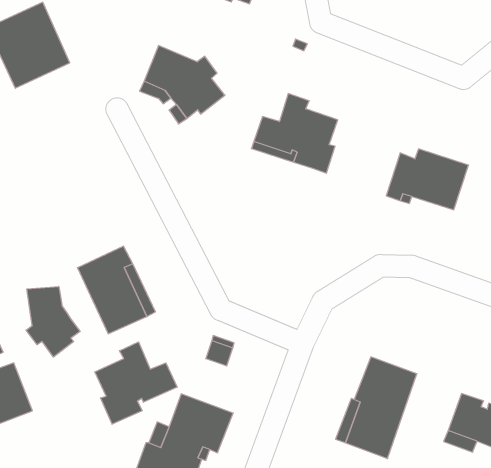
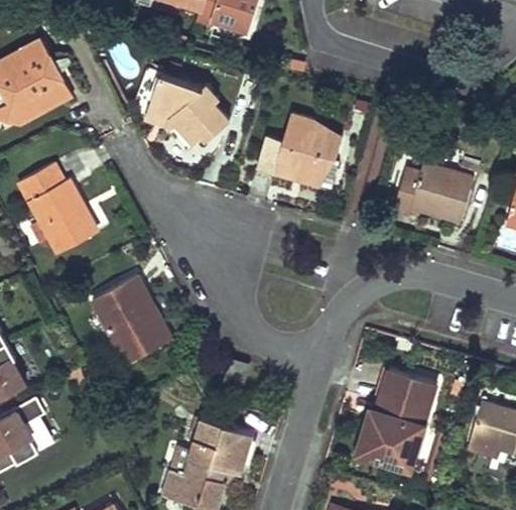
building: none -> [19,164,96,255]
building: [26,286,80,357] -> none
building: [95,342,177,424] -> none

